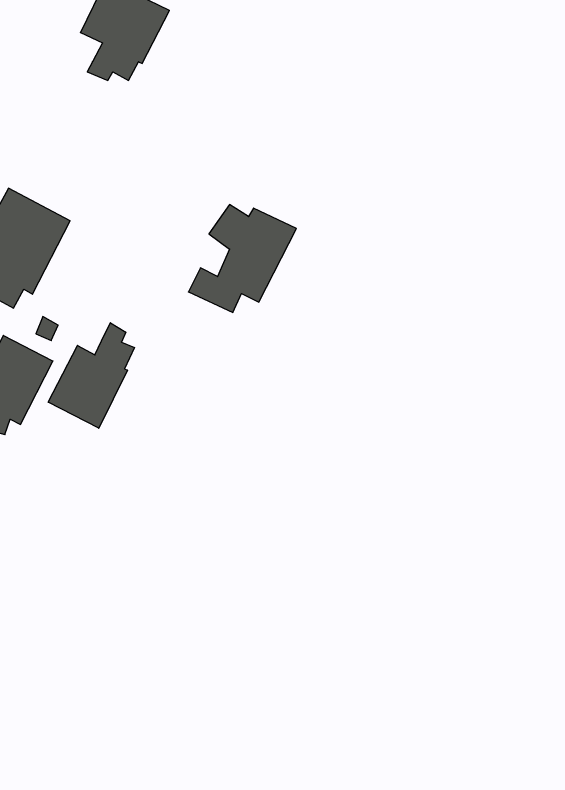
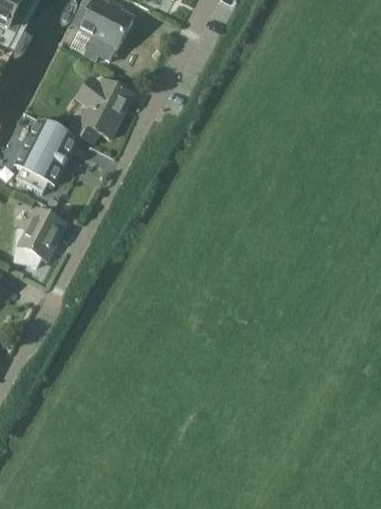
building: [188,205,296,312] -> [66,80,129,143]
building: [48,323,135,428] -> none

